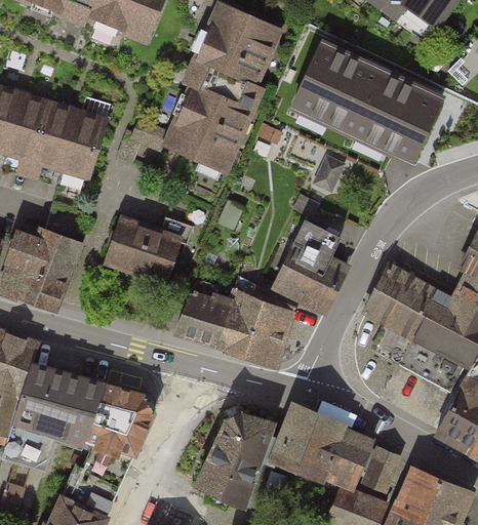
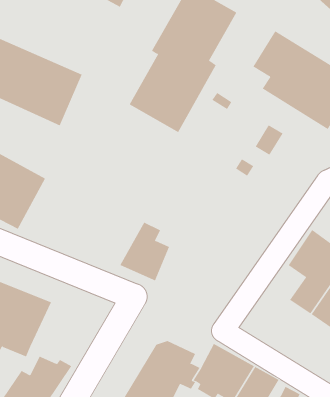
building: [108,217,194,282] -> none
building: [274,220,348,311] -> none
building: [220,278,292,364] -> none
building: [87,385,154,454] -> none

